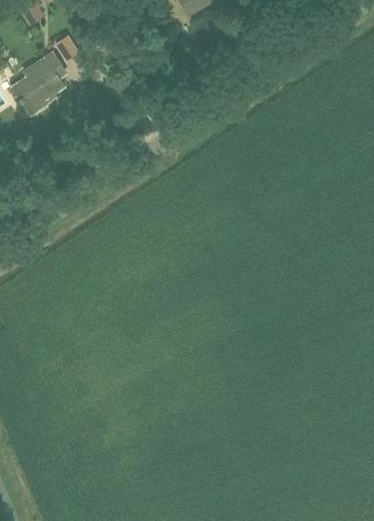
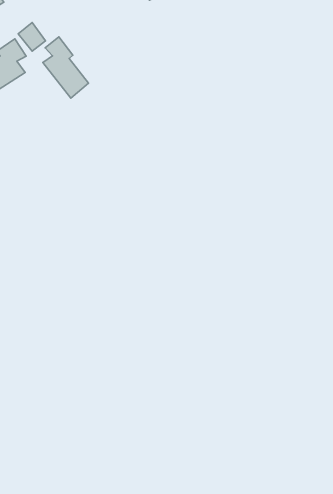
building: none -> [43,37,89,98]

